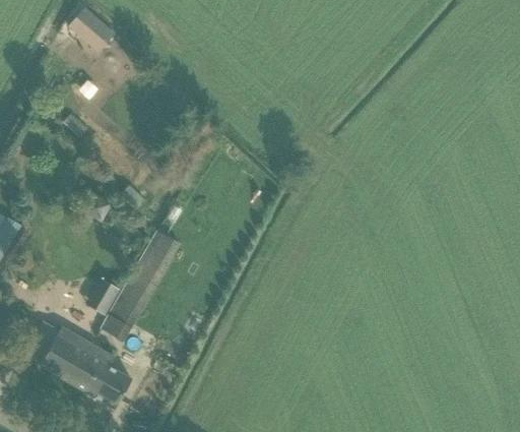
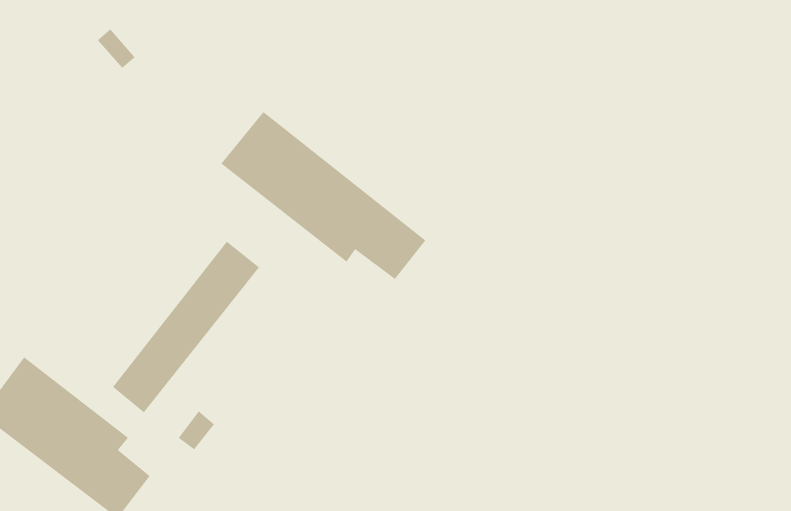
building: none -> [220,111,426,280]

